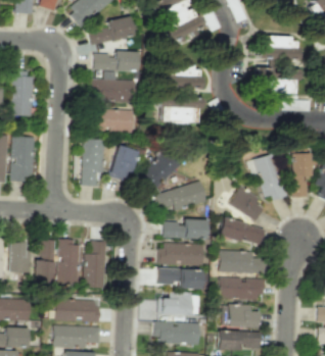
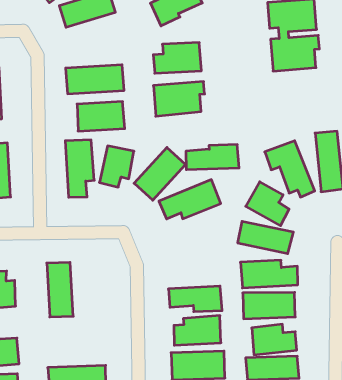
building: [94,50,138,70] -> none
building: [164,218,207,239] -> [186,145,239,170]
building: [36,239,56,283] -> none
building: [85,241,108,288] -> none
building: [161,242,204,265] -> none
building: [55,298,101,320] -> none

